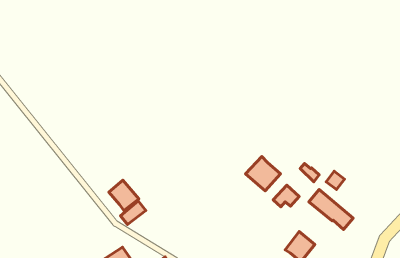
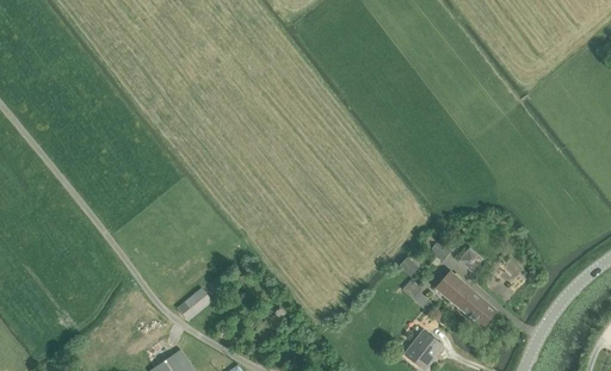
building: [246,157,280,191] -> none
building: [109,180,139,211] -> none

